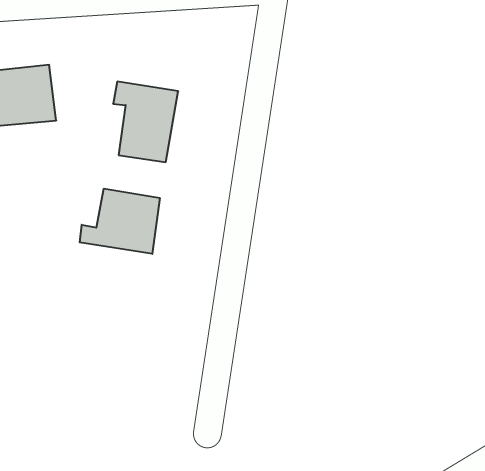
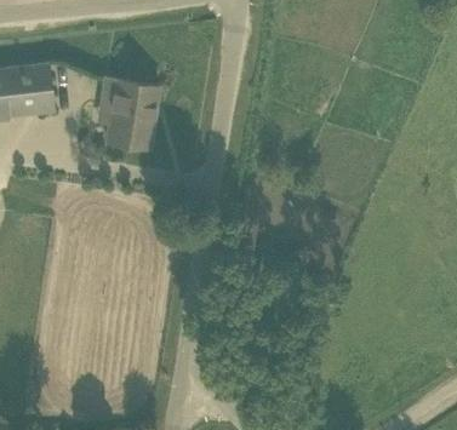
building: [80,189,160,254] -> none

